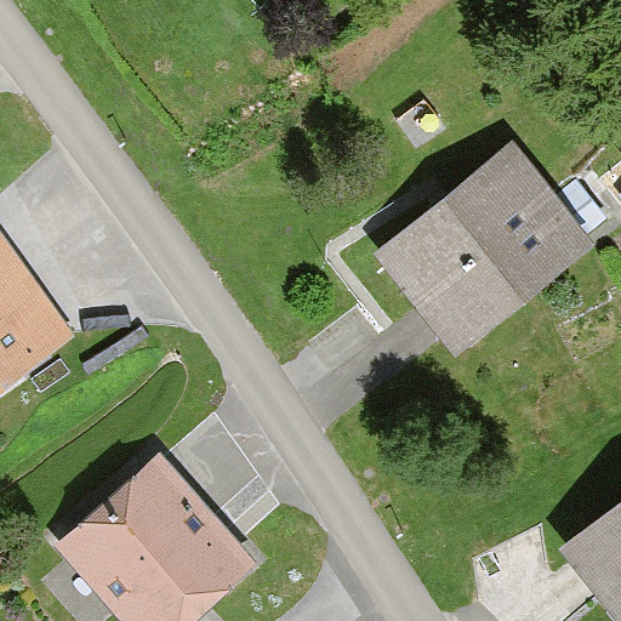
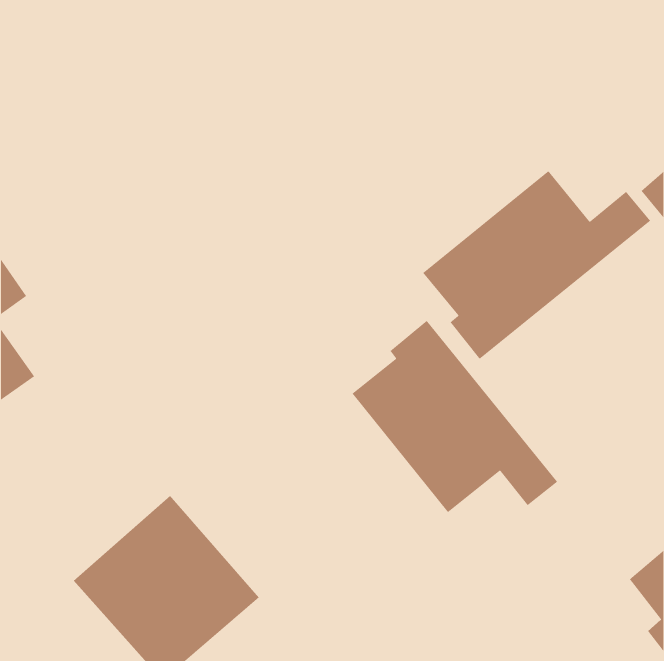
building: none -> [352,320,558,513]

